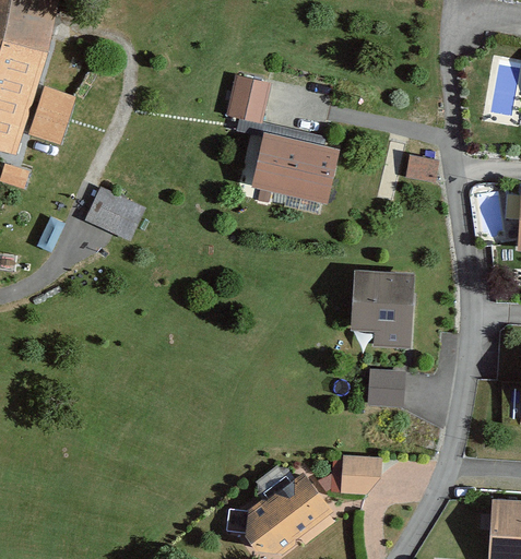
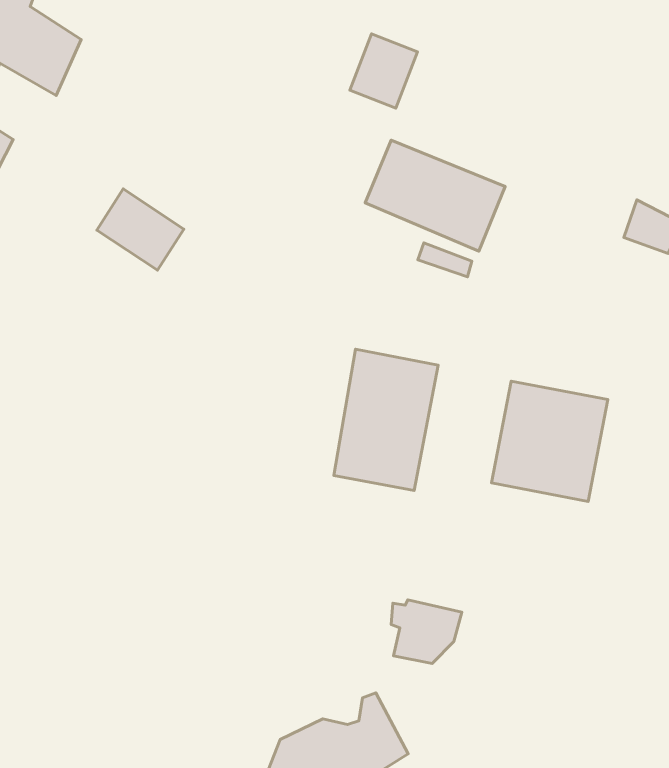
building: none -> [334,349,438,491]
building: [370,367,410,406] -> none
building: [335,459,378,495] -> [391,600,462,663]

